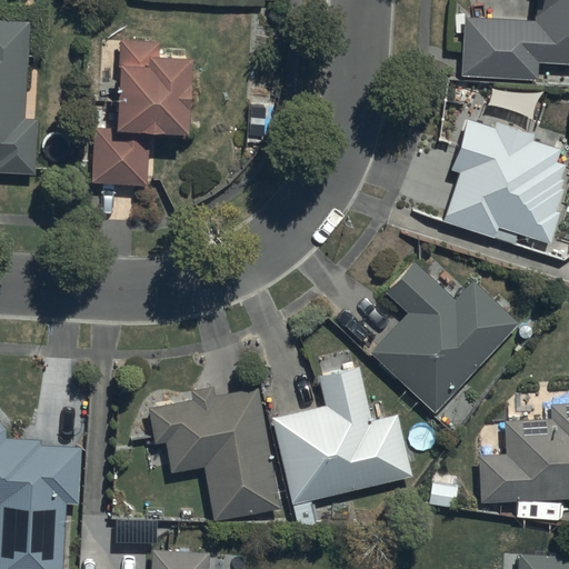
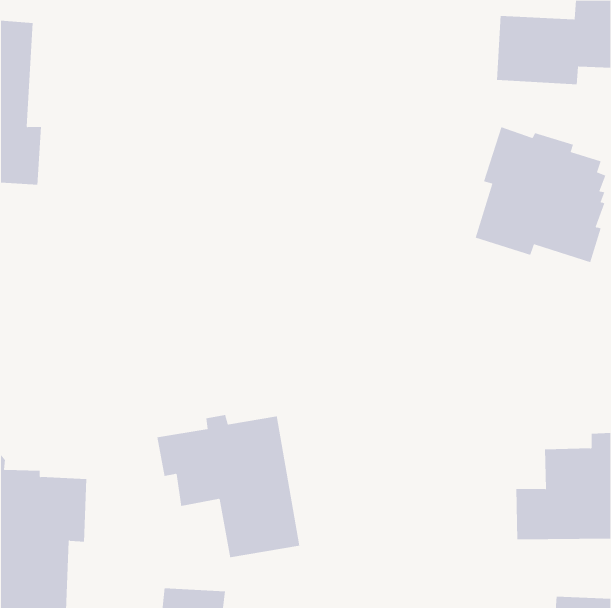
building: [91,43,190,187] -> none
building: [367,262,518,415] -> none
building: [271,365,412,505] -> none

